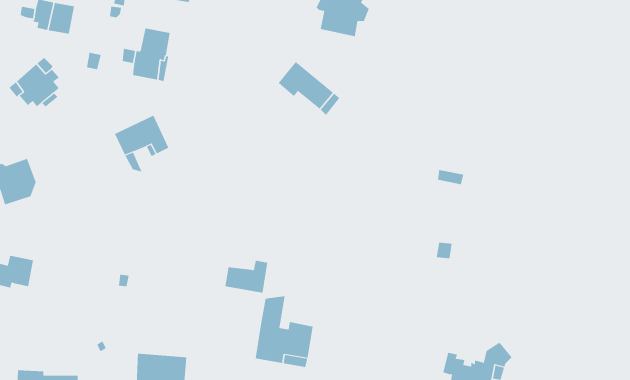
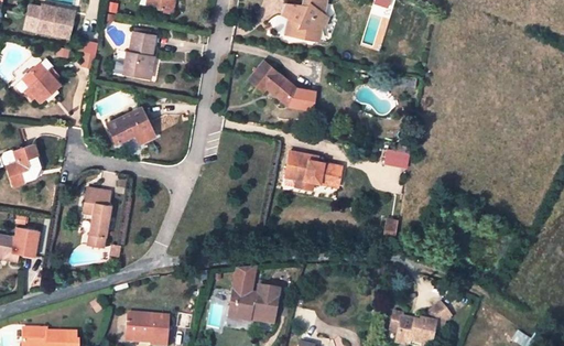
building: none -> [284,151,340,188]
building: none -> [80,188,109,247]
building: [225,260,268,293] -> none

